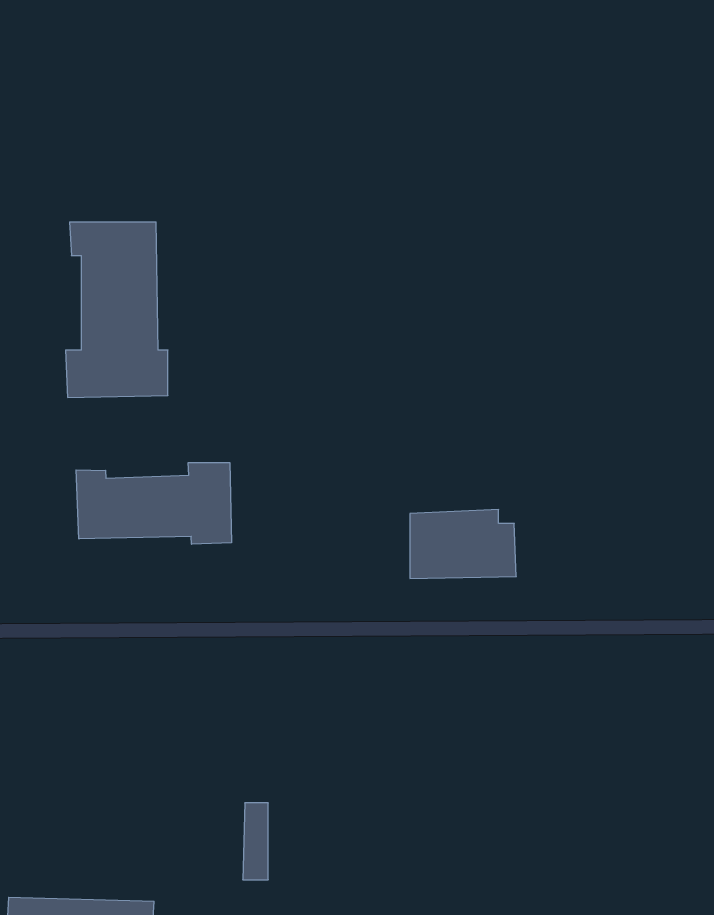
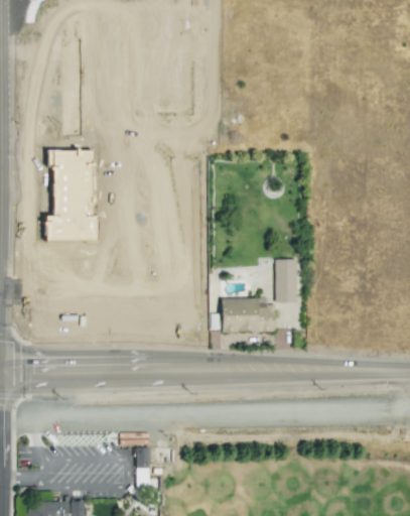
building: none -> [275,259,296,302]
building: [76,463,231,544] -> none

